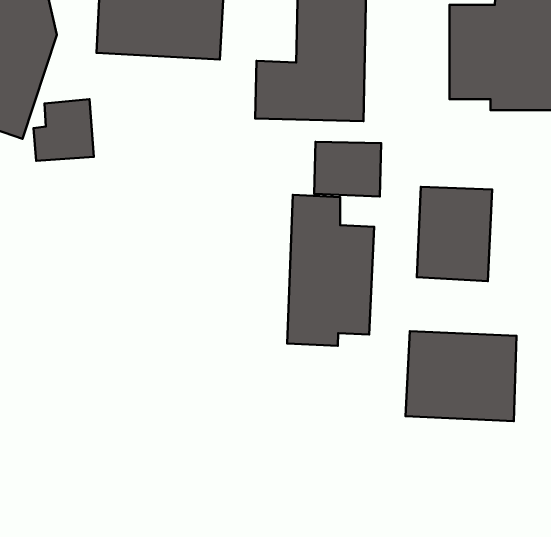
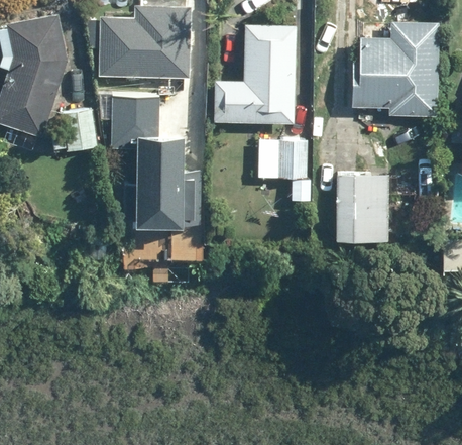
building: none -> [112,87,200,216]
building: [287,195,374,346] -> none
building: [405,331,516,421] -> none

